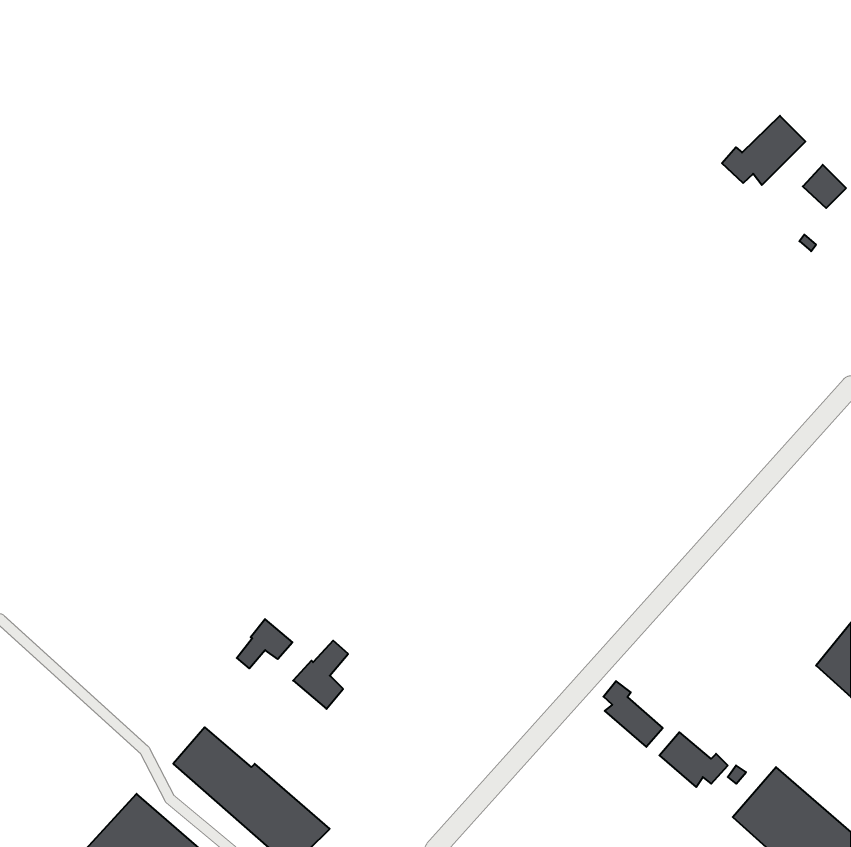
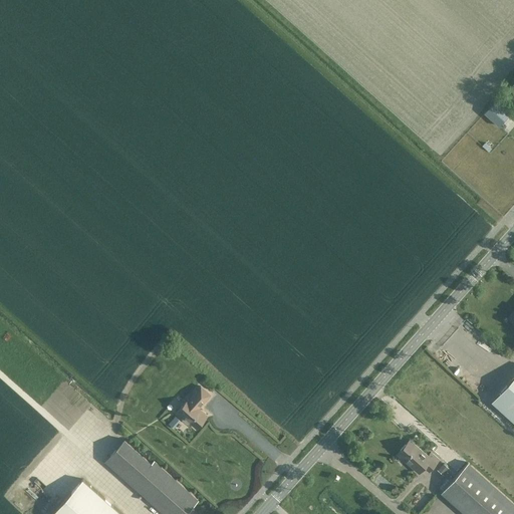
building: [722,116,805,185] -> none
building: [237,619,292,668] -> none
building: [603,681,663,747] -> none

